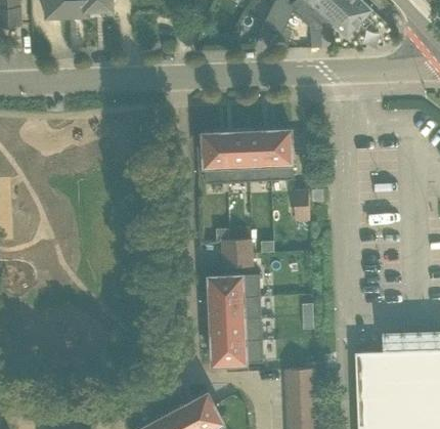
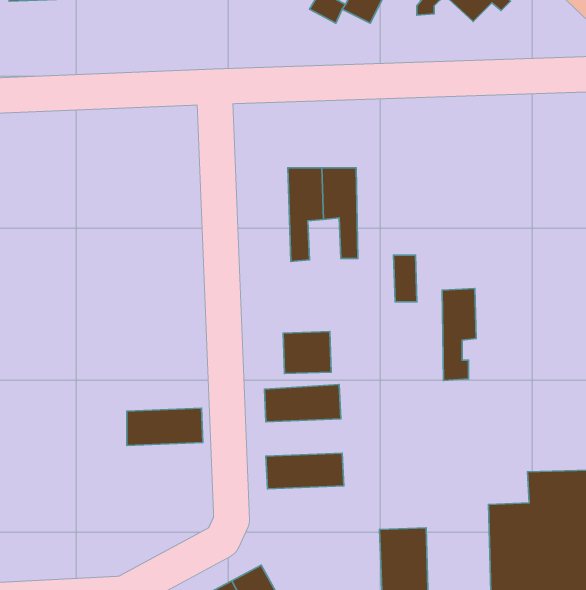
building: [269,130,292,190] -> [442,289,476,381]
building: [203,131,226,194] -> none
building: [210,296,260,320] -> [127,408,203,446]
building: [211,340,262,363] -> none

